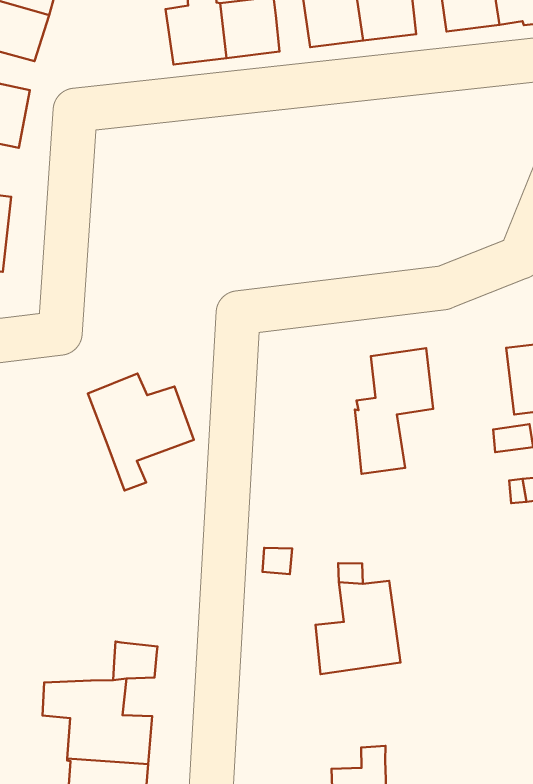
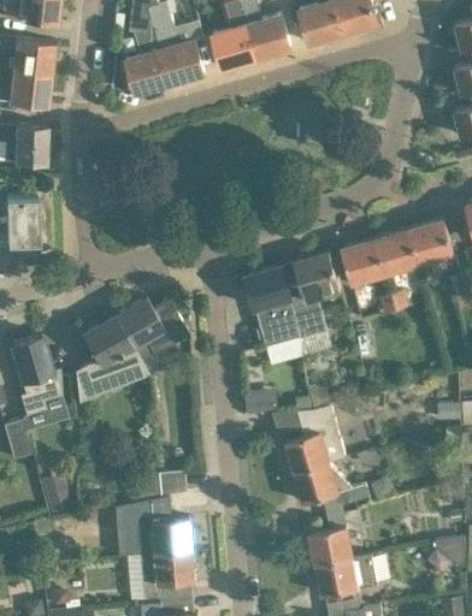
building: none -> [356,243,394,292]
building: none -> [246,265,303,365]
building: none -> [75,315,134,402]
building: none -> [295,457,370,511]

